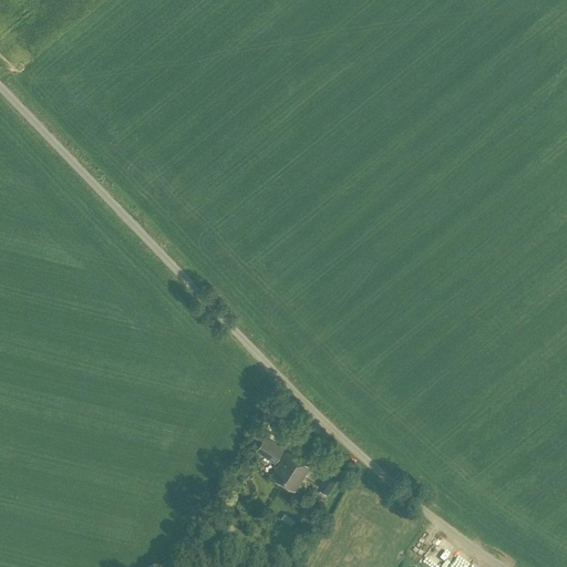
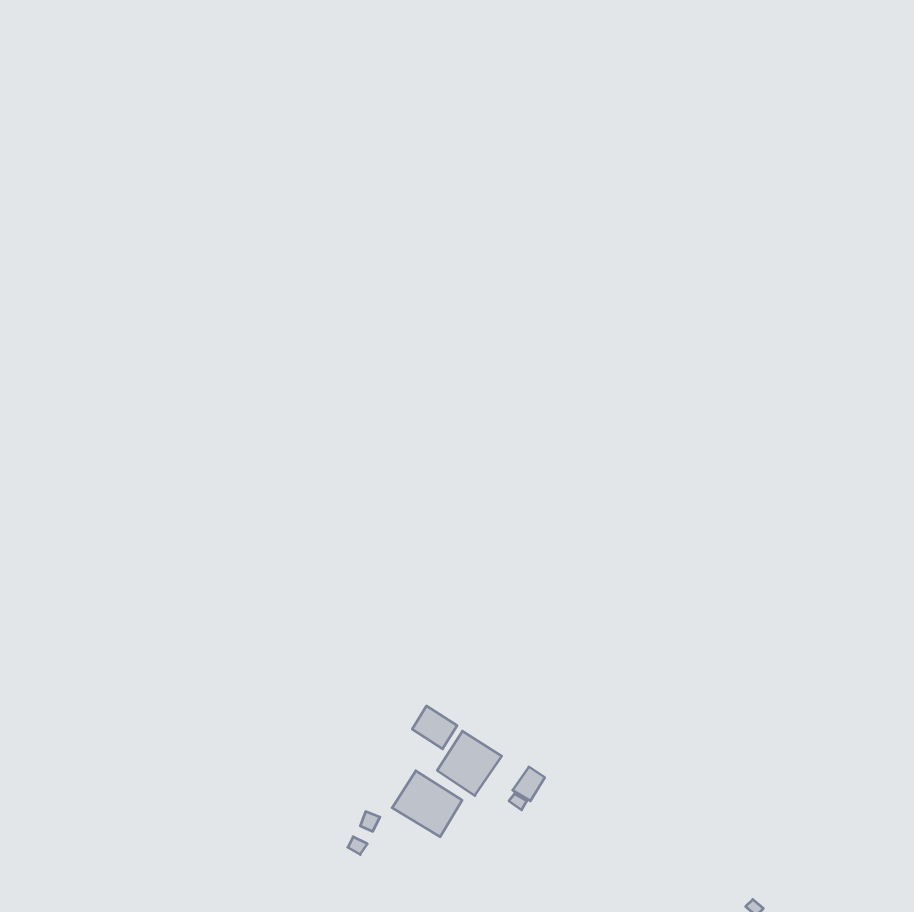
building: none -> [392,771,462,837]

